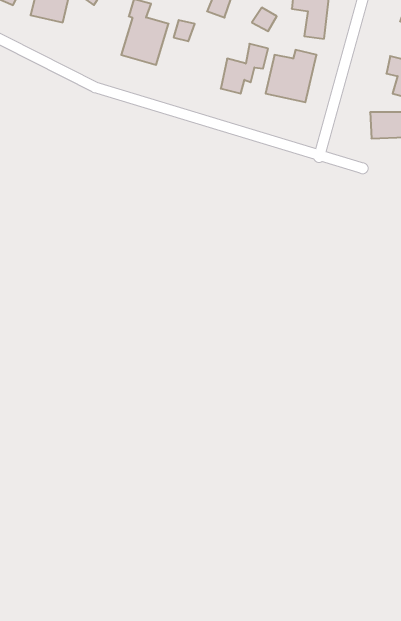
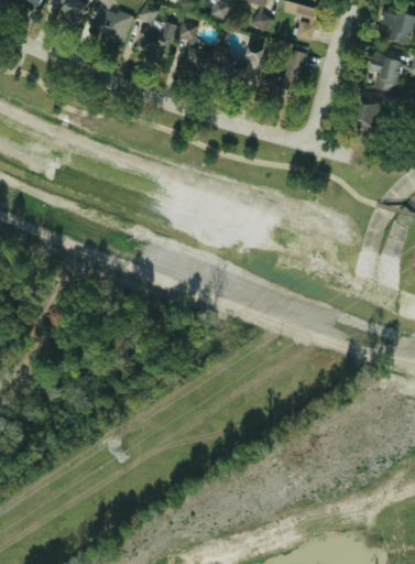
building: none -> [98,11,130,41]
building: none -> [184,46,214,74]

